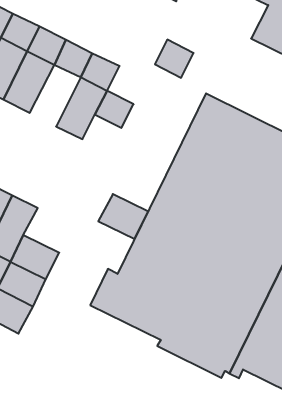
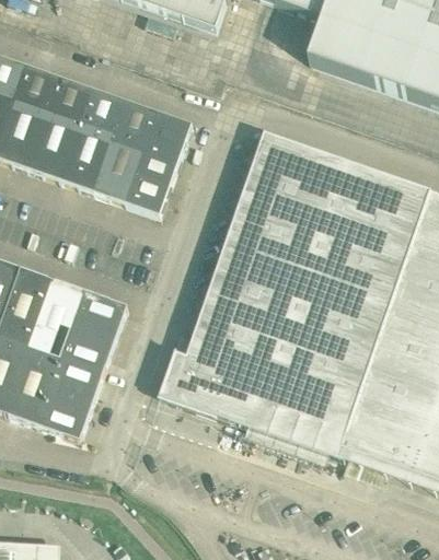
building: [155,40,194,78] -> [148,112,192,154]
building: none -> [60,119,115,191]
building: none -> [126,172,170,214]
building: [98,194,148,239] -> [70,290,127,339]

